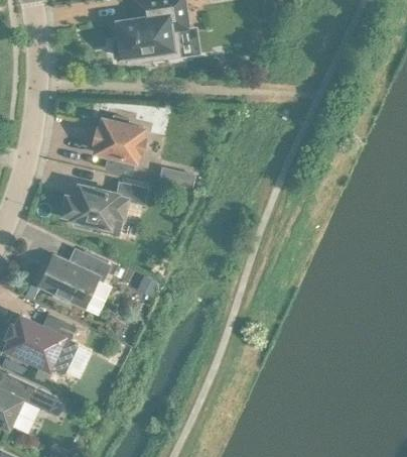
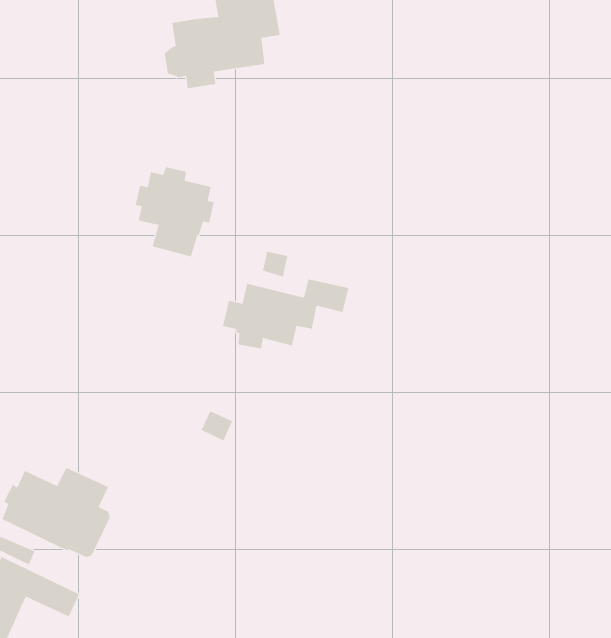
building: [61,183,145,229] -> [222,279,349,349]
building: [38,251,109,304] -> none

